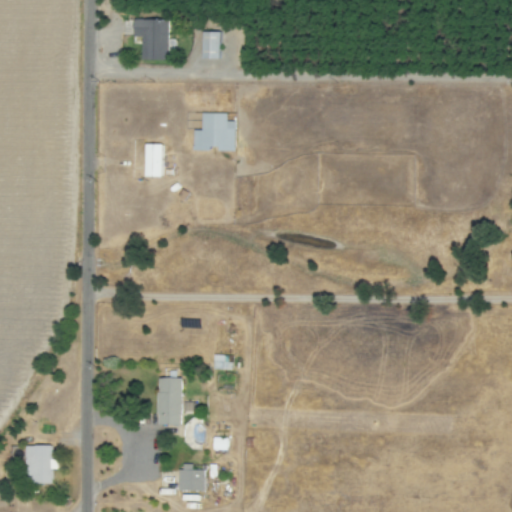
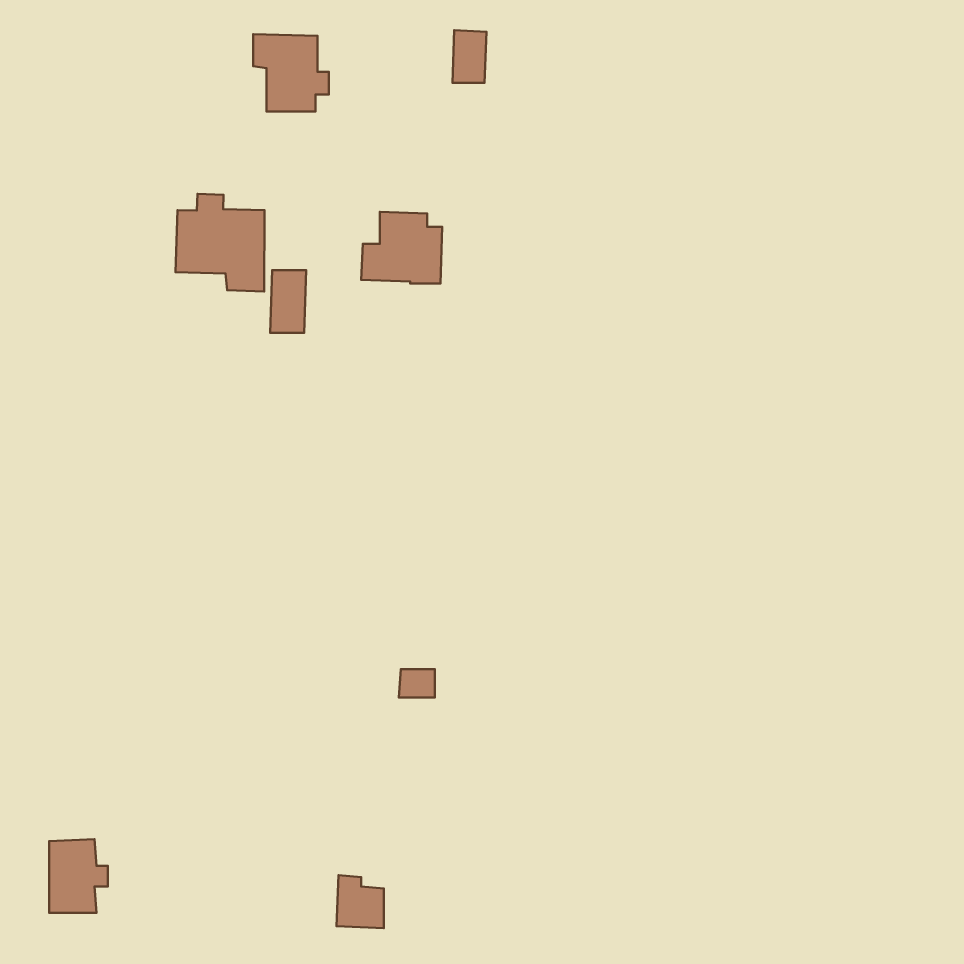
building: [202,31,220,59] -> [452,30,486,83]
building: none -> [176,194,265,291]
building: [157,378,182,426] -> none

